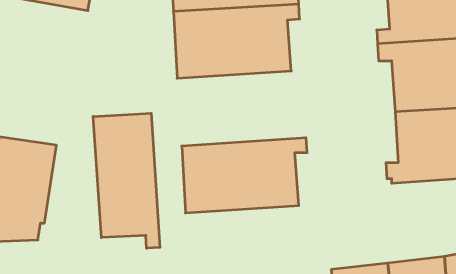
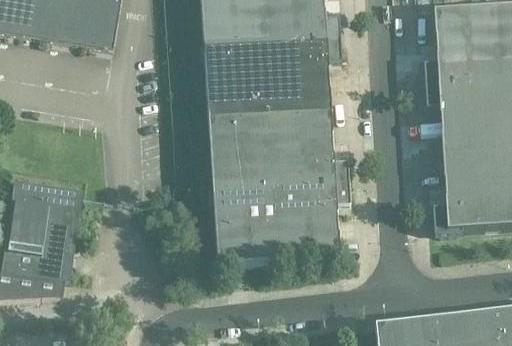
building: none -> [208,111,347,192]
building: [93,113,160,248] -> none

